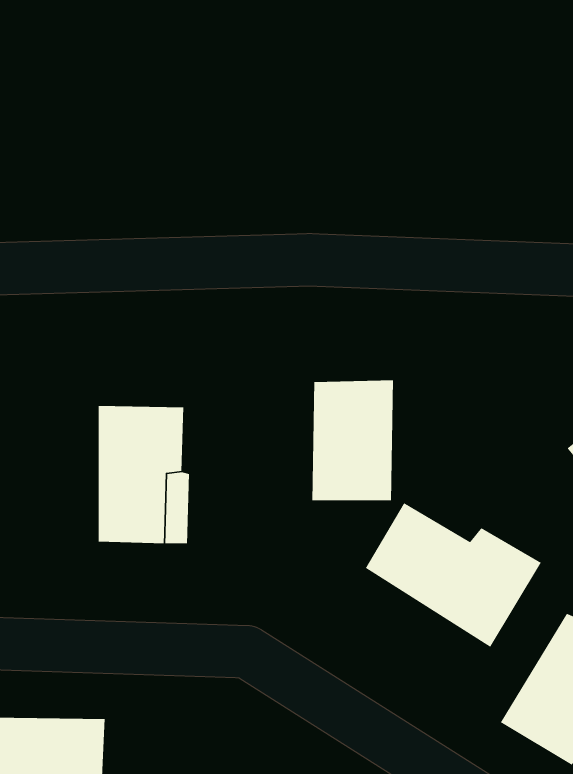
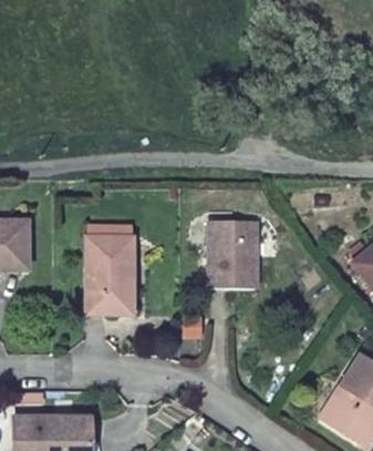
building: [365,502,542,648] -> none

